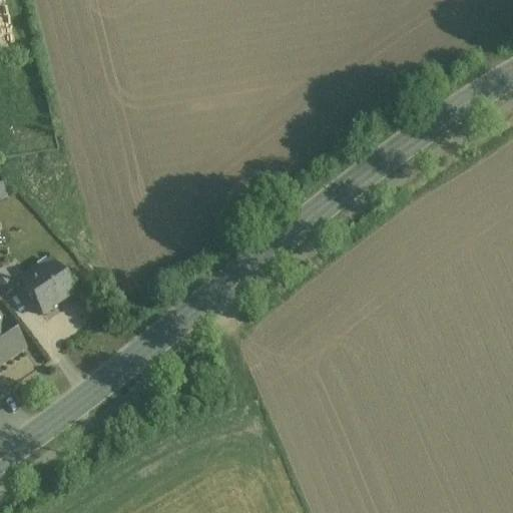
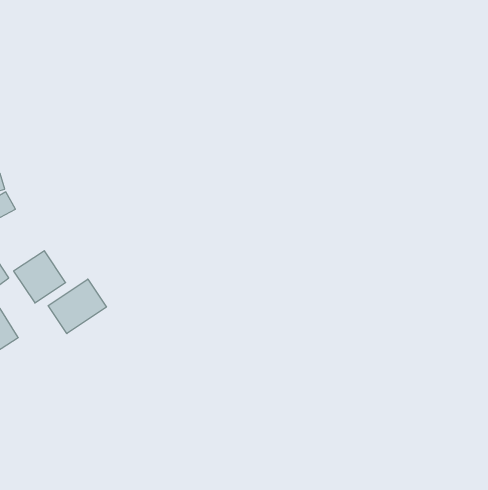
building: none -> [48,279,106,334]

